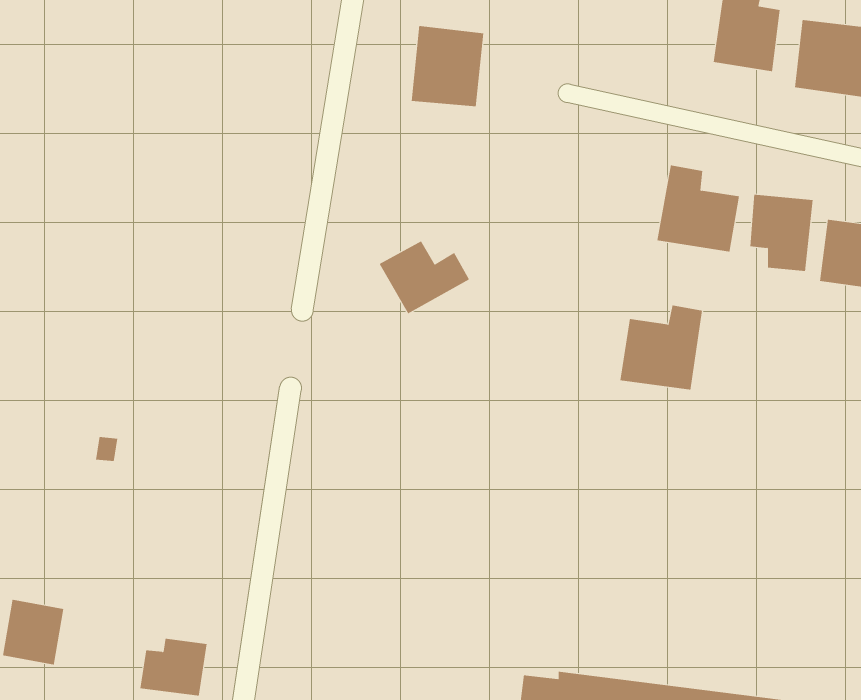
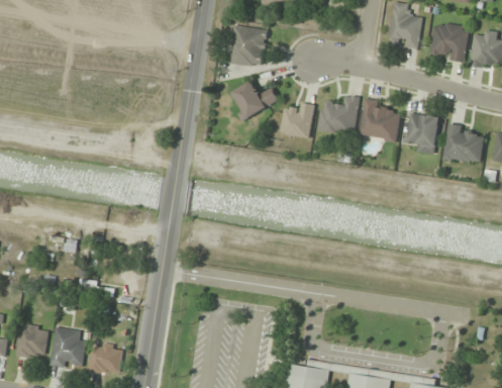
building: none -> [280,102,314,138]
building: [379,241,470,314] -> [230,81,278,119]
building: [620,305,703,390] -> [316,95,360,139]
building: none -> [49,328,87,369]

